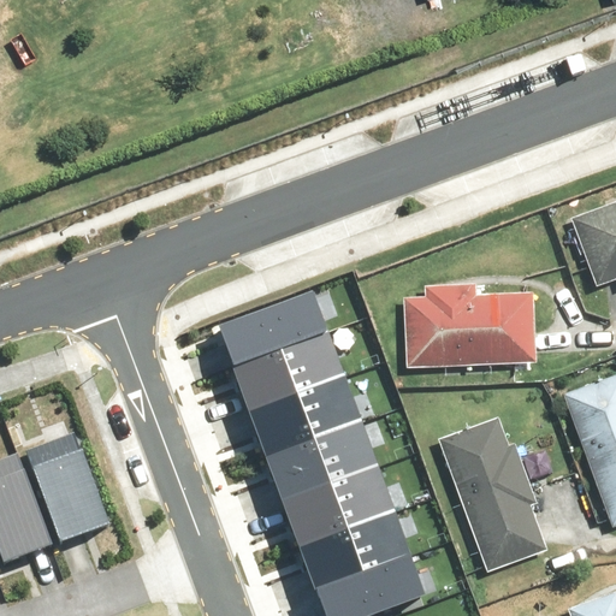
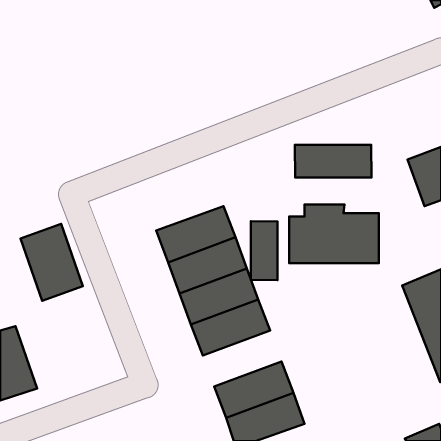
building: none -> [295,145,372,178]
building: none -> [251,221,278,280]
building: [436,421,547,580] -> none
building: [22,434,108,541] -> [21,224,83,301]
building: [283,461,392,539] -> none

